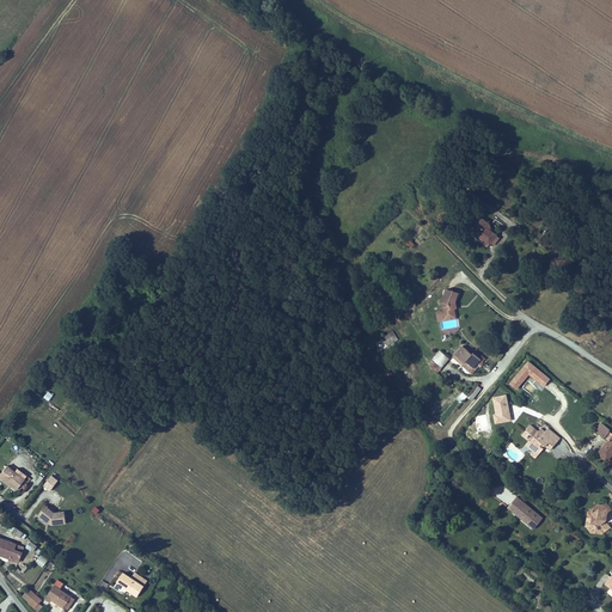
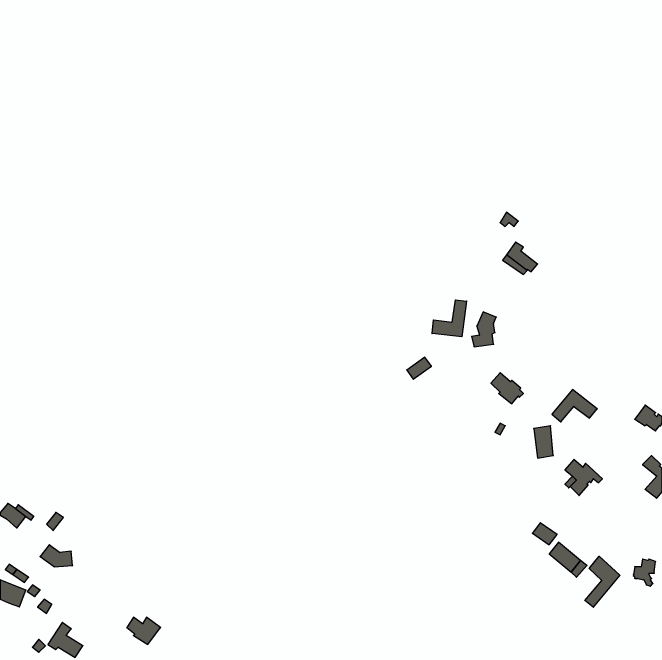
building: none -> [432,300,467,337]
building: none -> [585,556,620,607]

